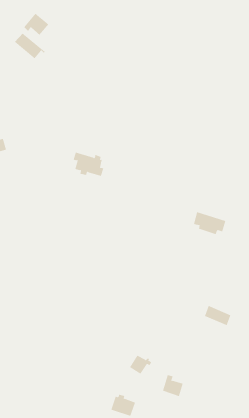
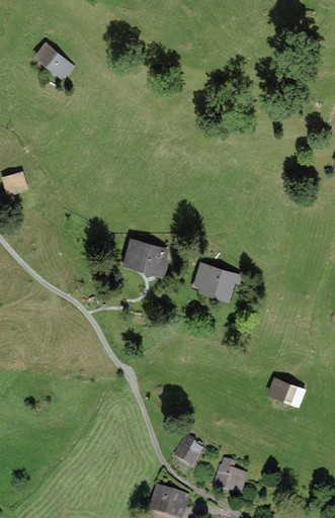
building: [23,13,49,36] -> none
building: [73,152,104,176] -> [125,241,164,271]
building: [193,212,226,235] -> [196,266,237,294]

